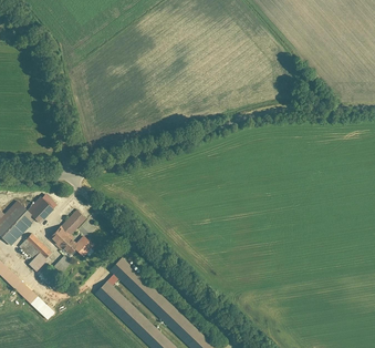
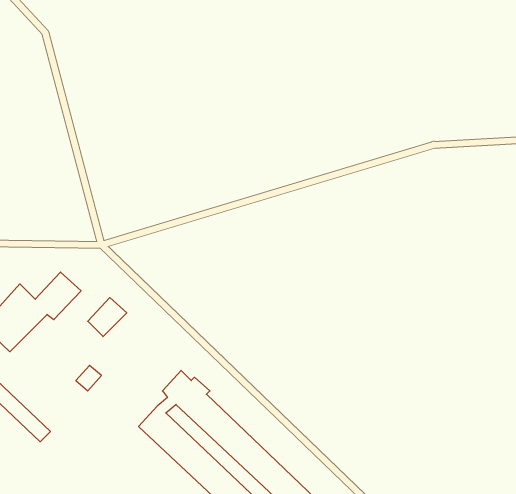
building: [51,224,97,254] -> none
building: [20,233,52,270] -> none

